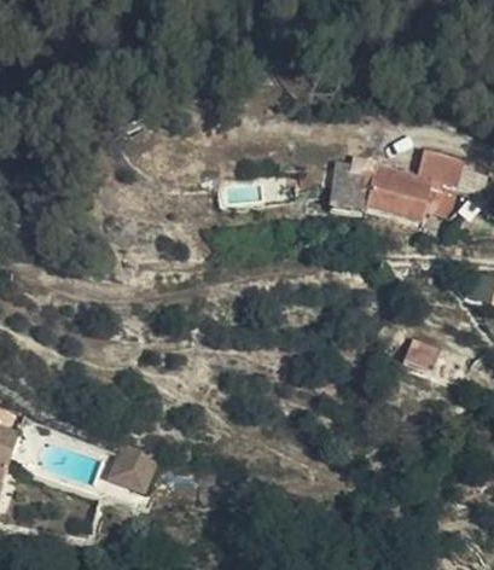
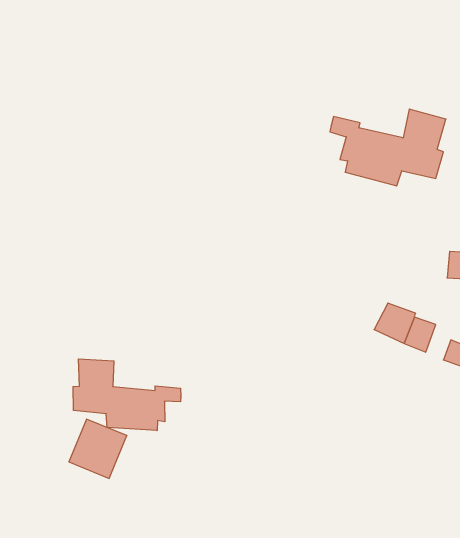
building: [335,157,371,209] -> none
building: none -> [73,359,181,431]

